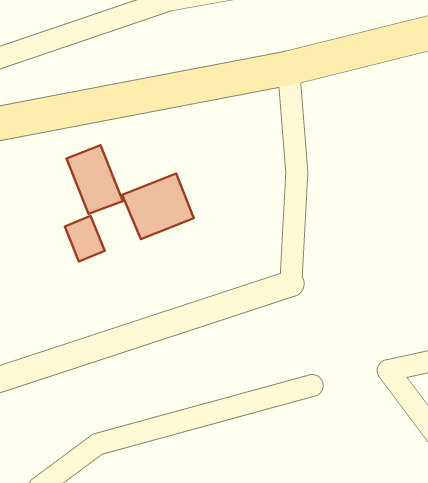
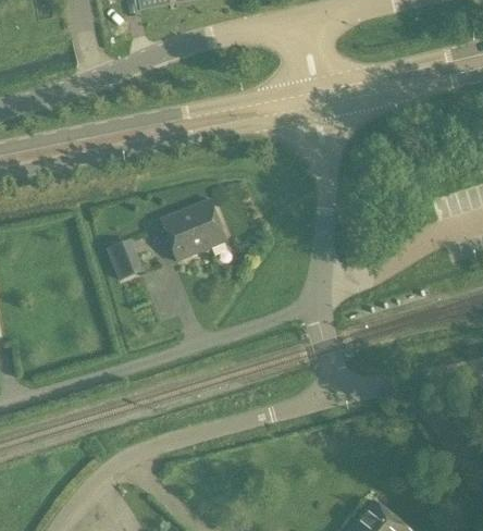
building: [67,145,123,214] -> none

